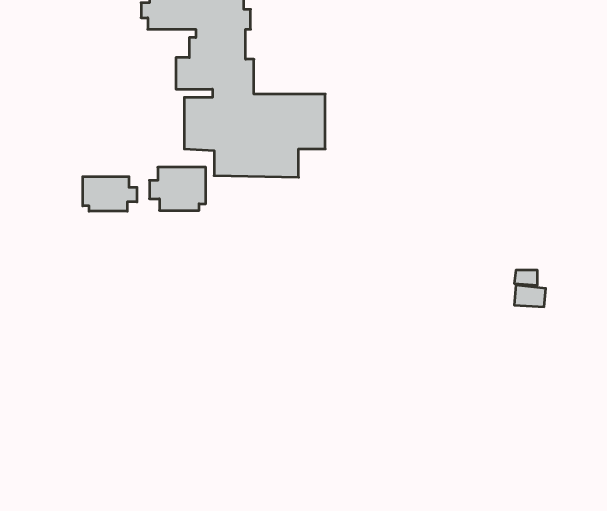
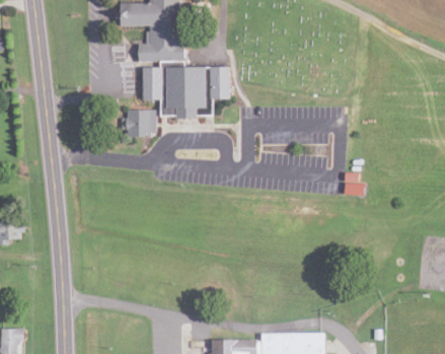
building: [83,177,137,211] -> none

